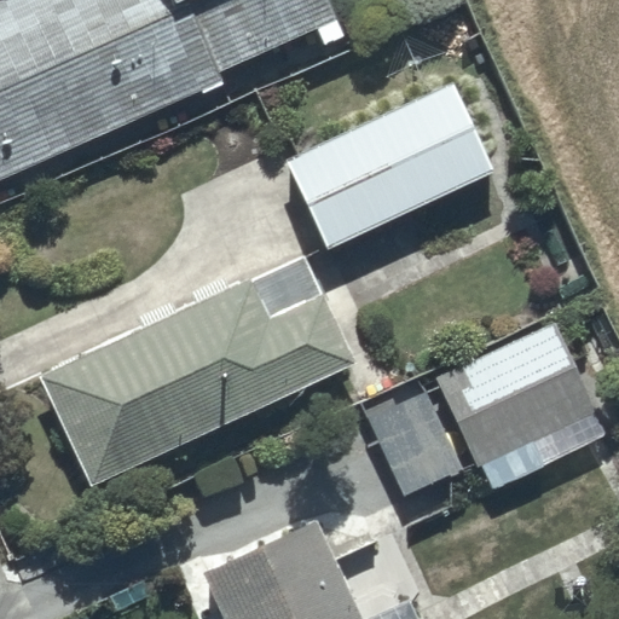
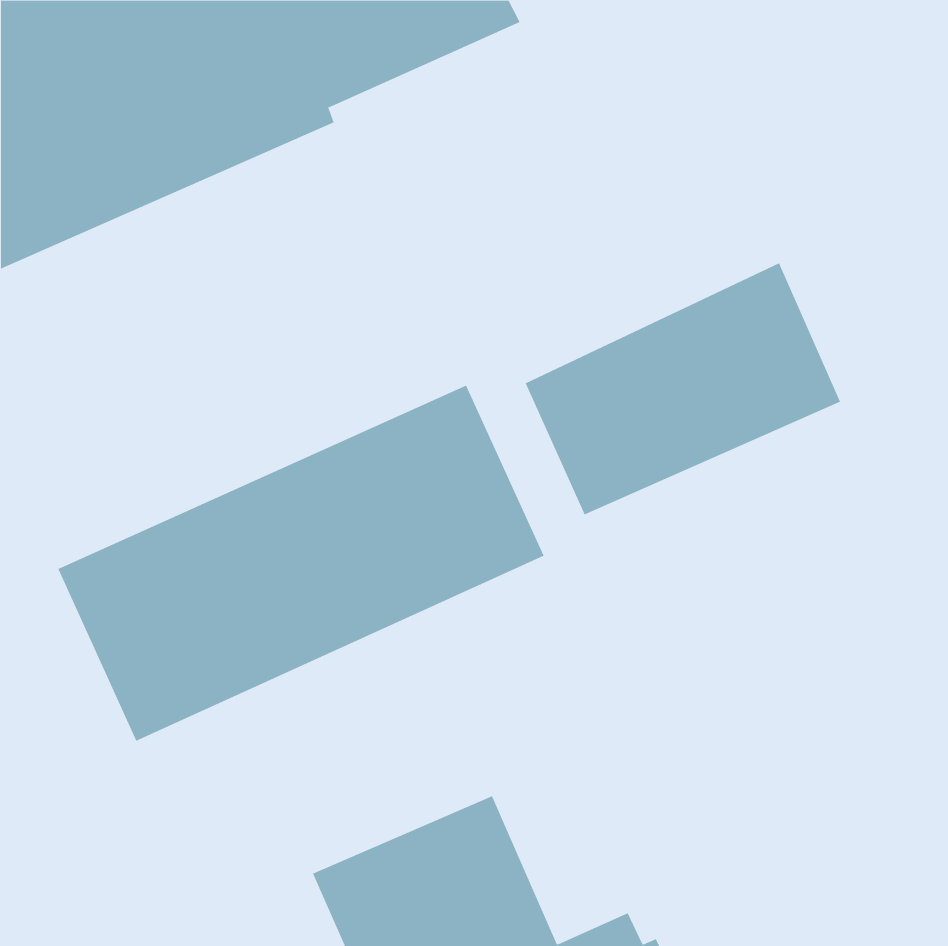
building: [287,81,492,245] -> [525,262,841,515]
building: [360,322,607,497] -> none

